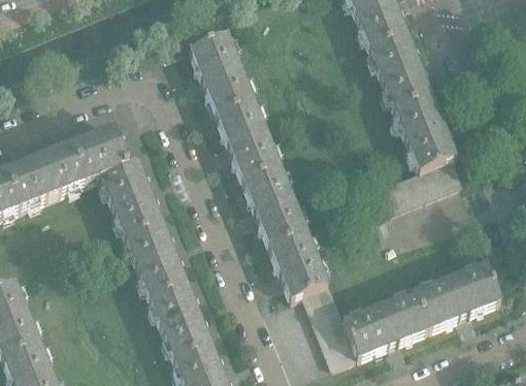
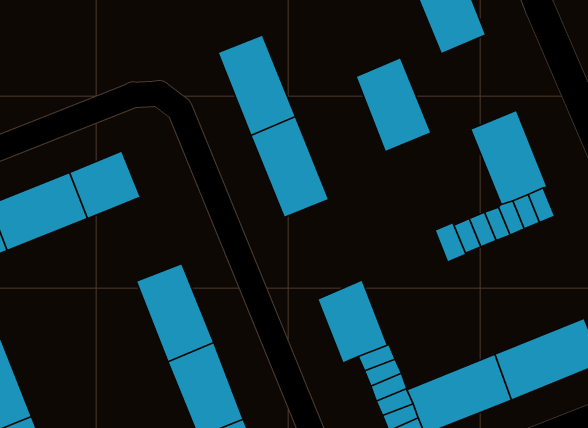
building: [369,31,430,107] -> [356,57,431,152]
building: [99,157,160,230] -> none
building: [242,164,305,245] -> none

